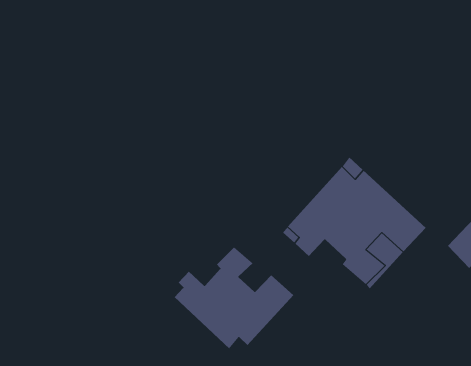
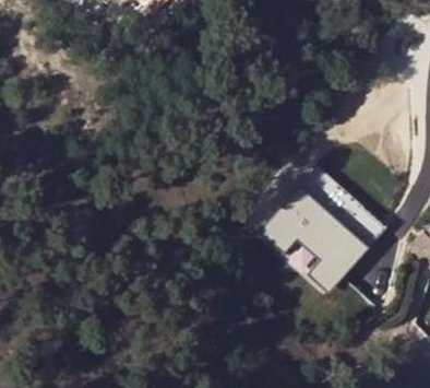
building: [174,246,294,349] -> none

